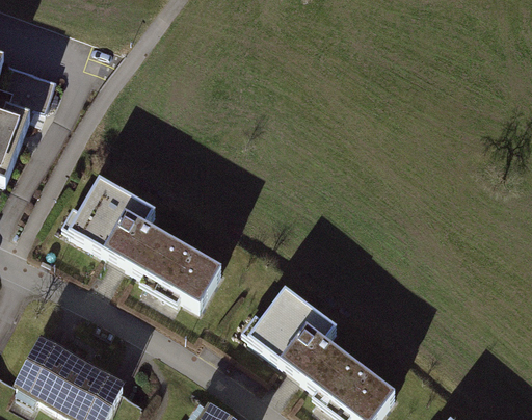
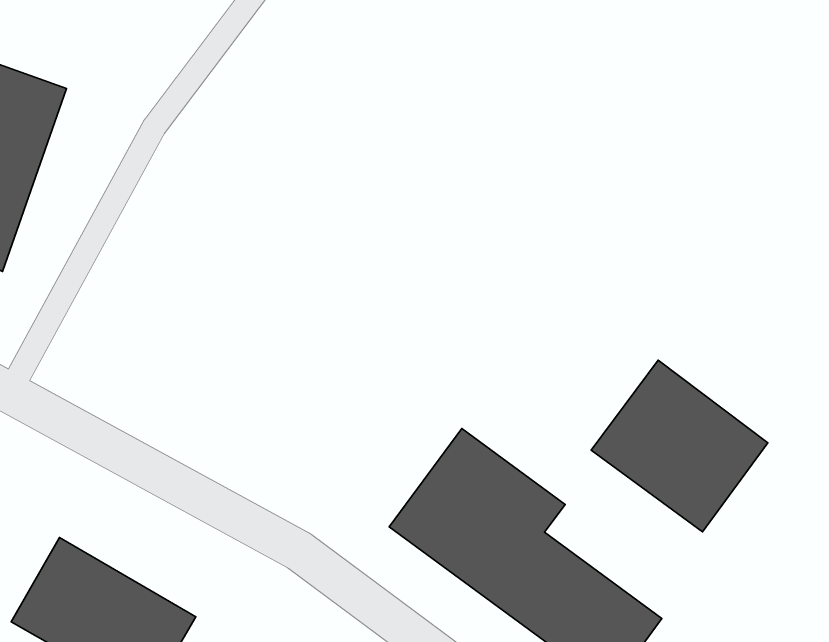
building: [58,170,225,314] -> none
building: none -> [591,360,768,532]

